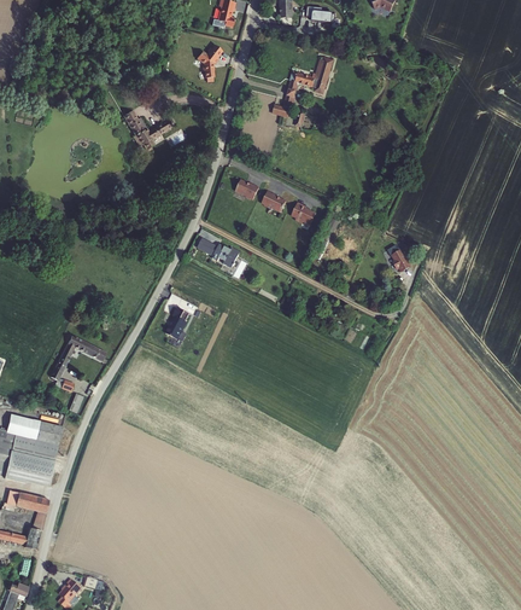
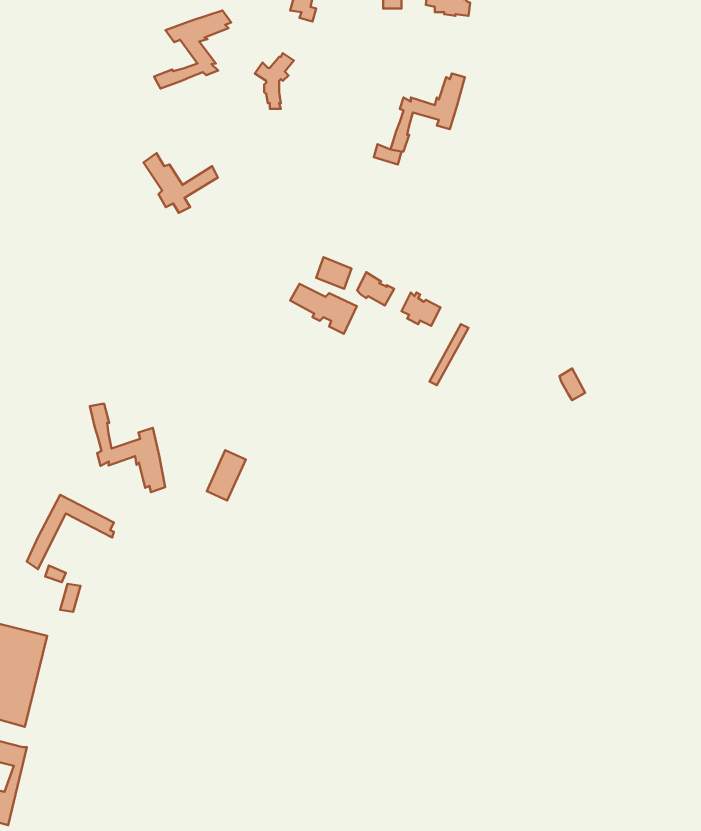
building: none -> [154,11,231,89]
building: [195,237,239,269] -> [290,284,357,334]
building: none -> [90,404,165,492]

